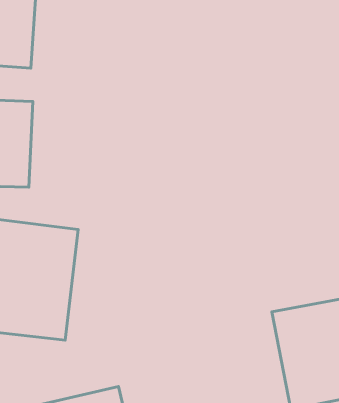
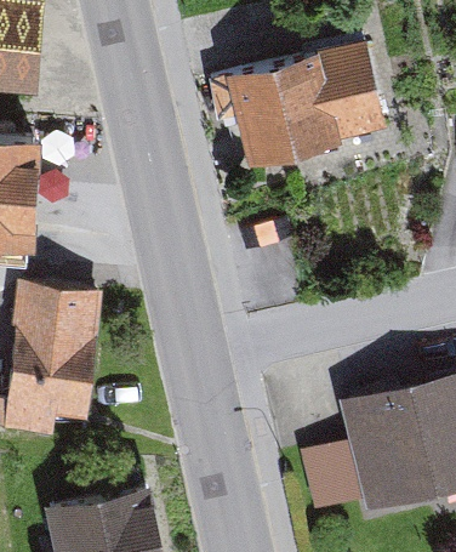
building: none -> [229,46,391,172]

